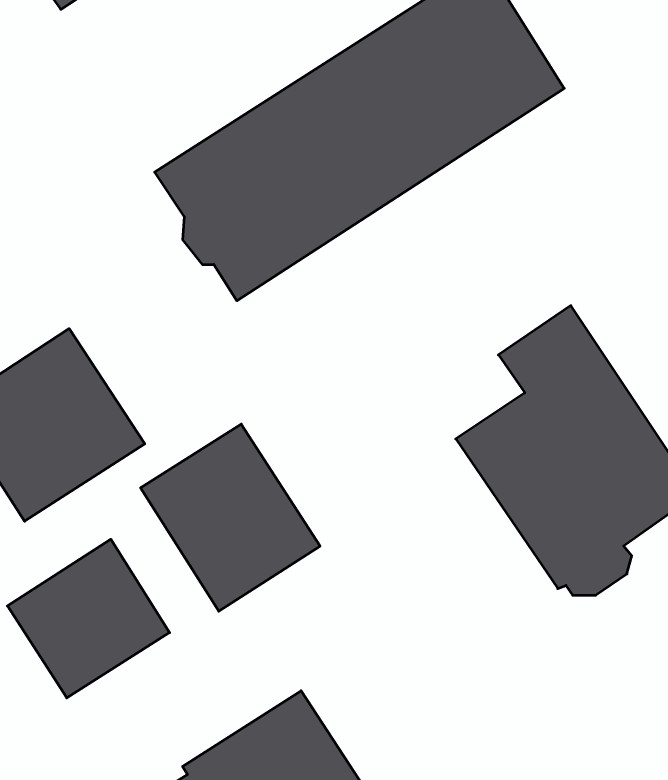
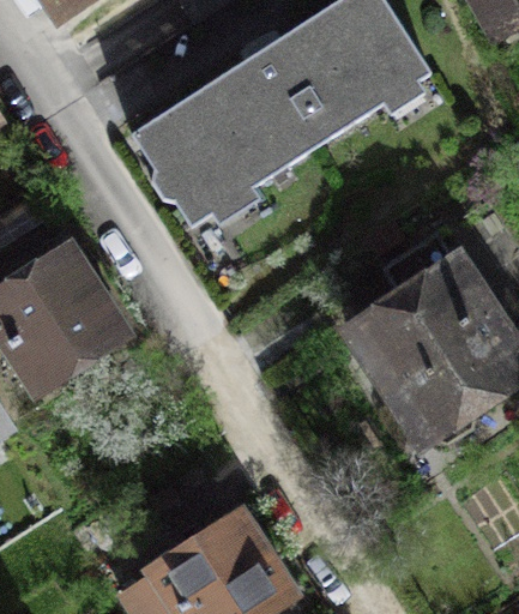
building: [141,424,320,611] -> none
building: [7,539,170,698] -> none

